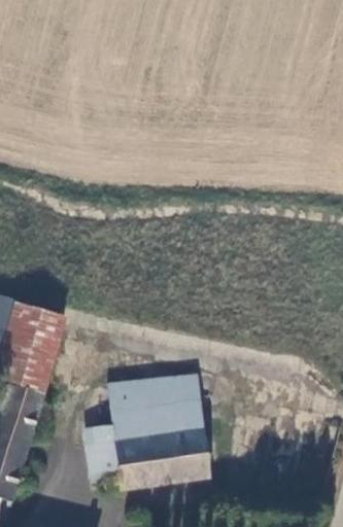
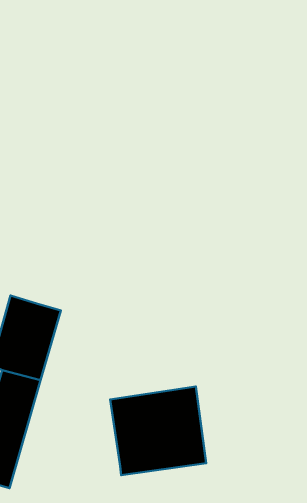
building: [110,373,202,409] -> none
building: [89,443,125,481] -> none

